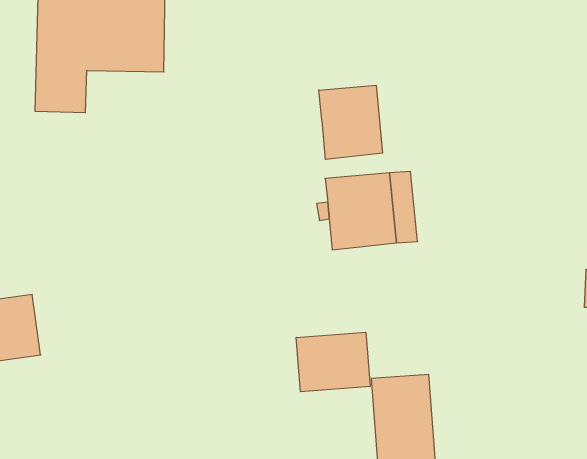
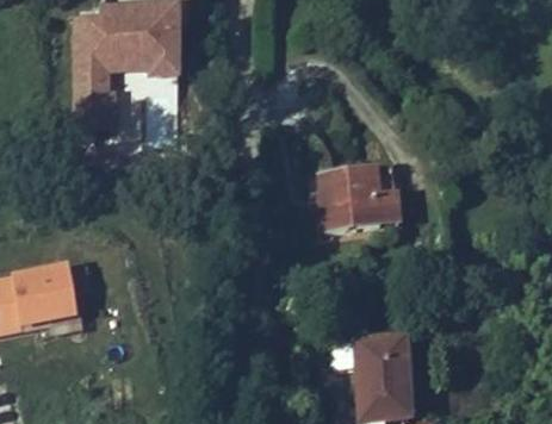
building: [319,85,383,159] -> none
building: [296,332,370,392] -> none

